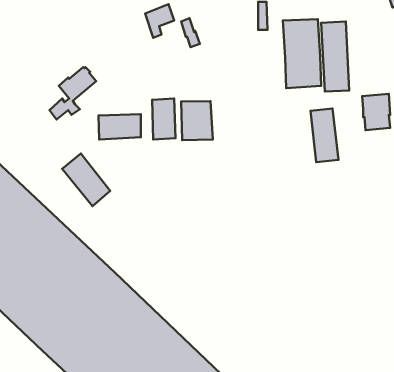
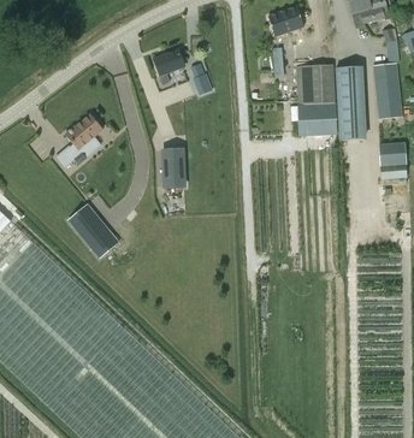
building: [181,101,213,140] -> none
building: [310,108,338,162] -> [373,63,402,118]
building: [98,114,141,139] -> none

